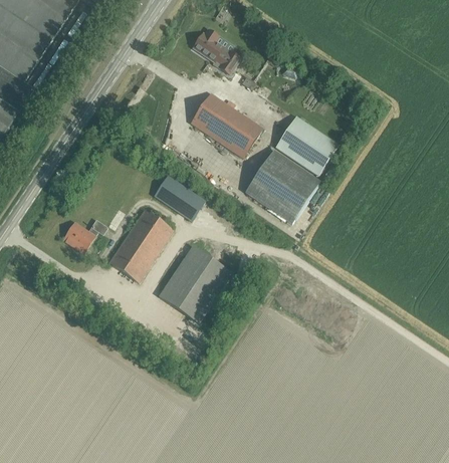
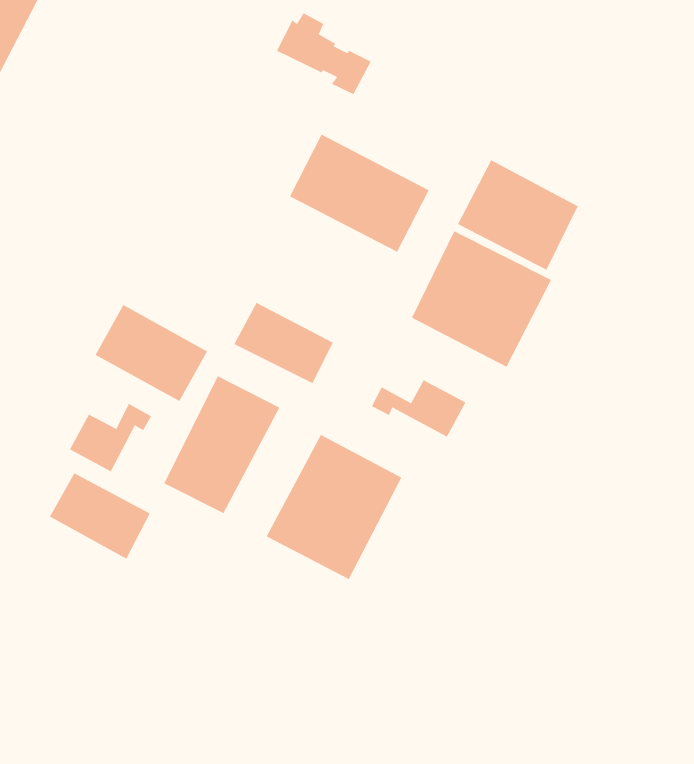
building: none -> [95,304,208,402]
building: none -> [371,380,466,438]
building: none -> [49,472,150,559]

